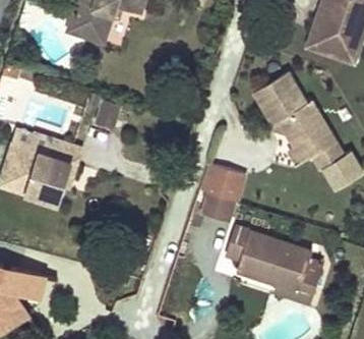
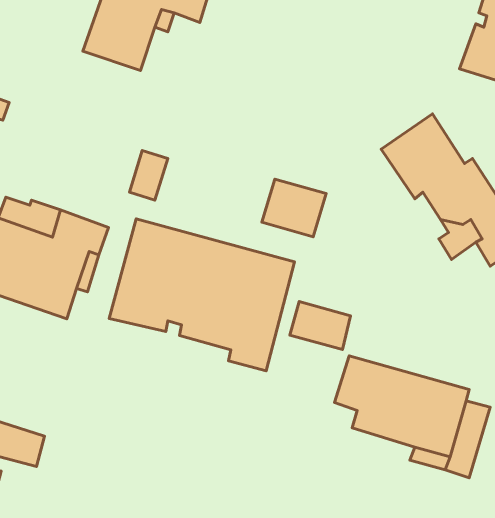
building: none -> [109,219,294,371]
building: [203,166,244,203] -> [262,179,326,237]

